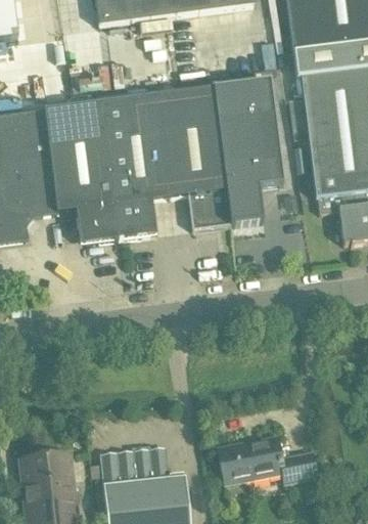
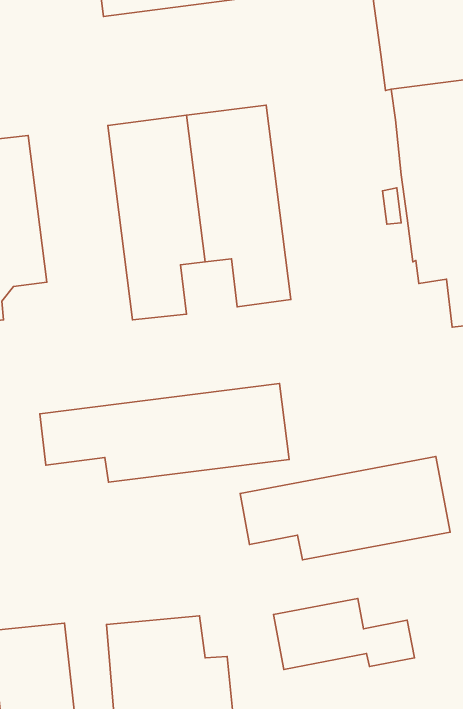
building: [213,79,283,223] -> none
building: [45,100,119,243] -> none
building: none -> [40,383,289,482]
building: none -> [240,456,450,560]

